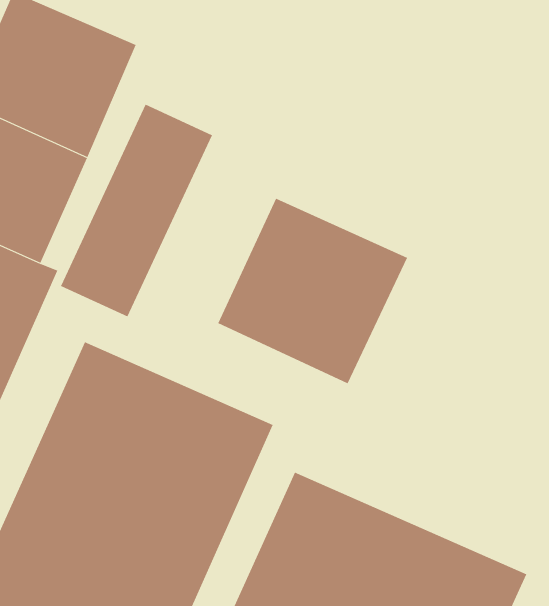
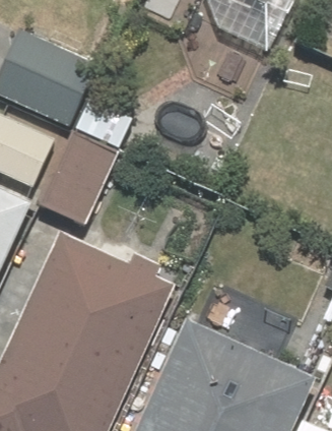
building: [217,198,408,384] -> none

